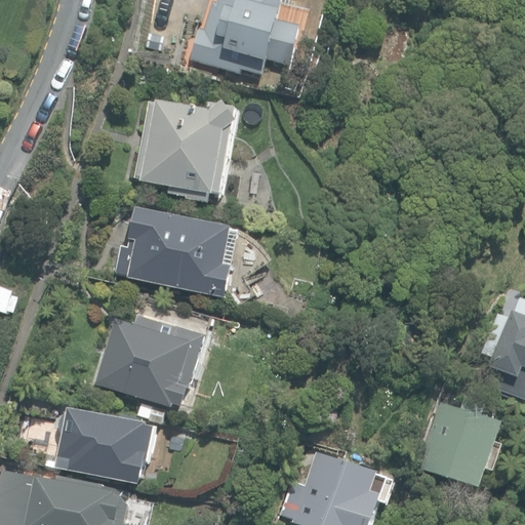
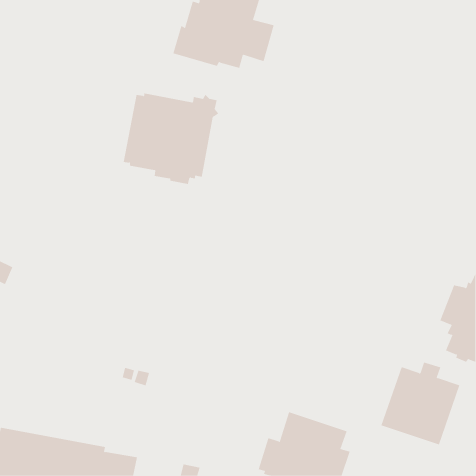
building: [114,209,232,296] -> none
building: [94,313,203,406] -> none
building: [56,405,155,483] -> none

